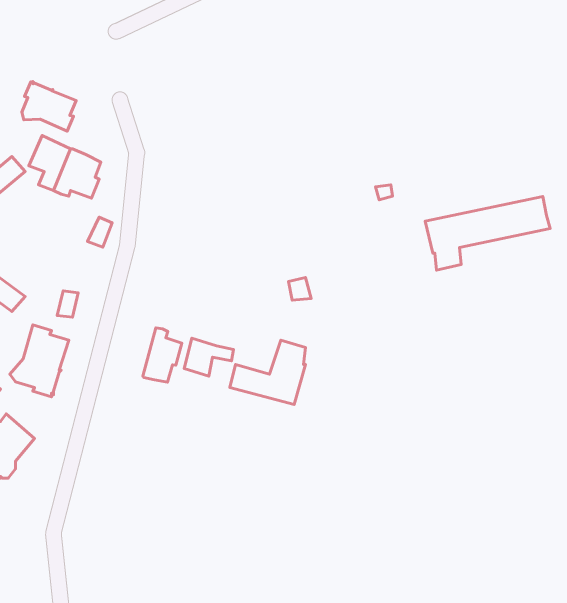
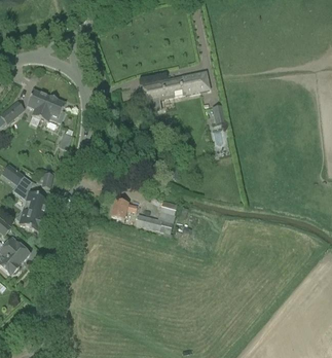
building: [22,82,76,131] -> none
building: [425,196,550,270] -> [142,70,210,110]
building: [143,328,182,382] -> none

